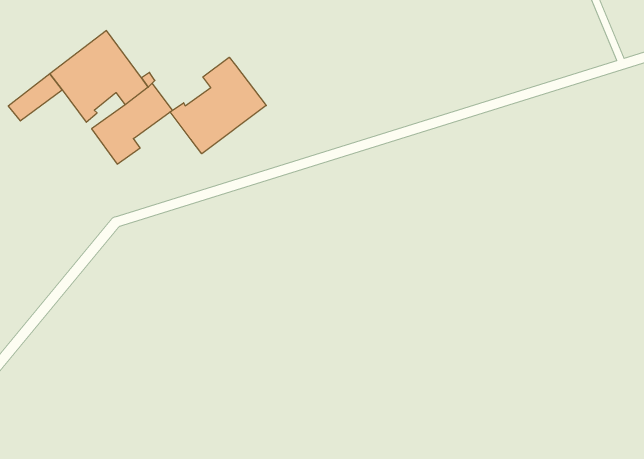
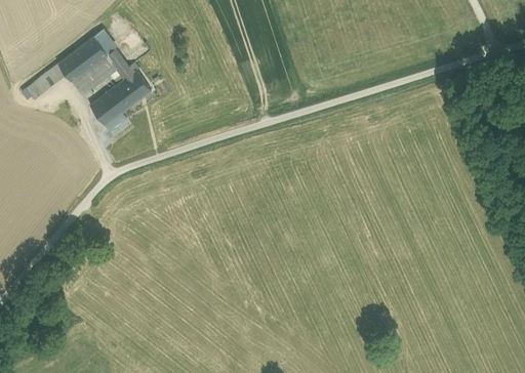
building: [170,57,266,154] -> none

